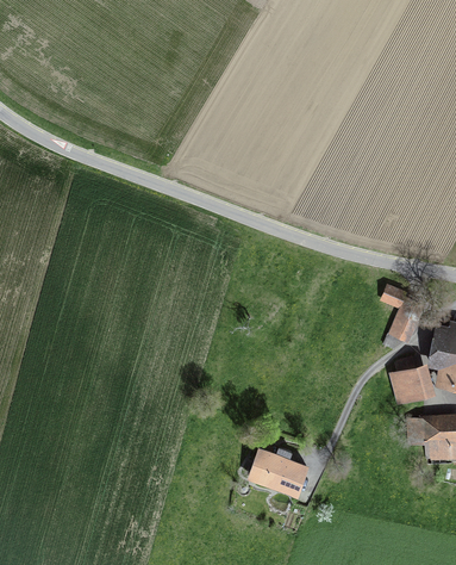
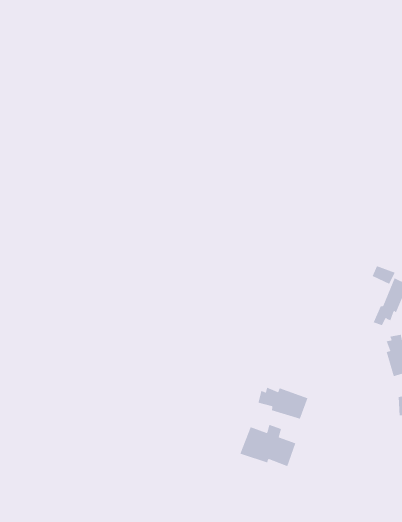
building: none -> [258,387,308,420]

